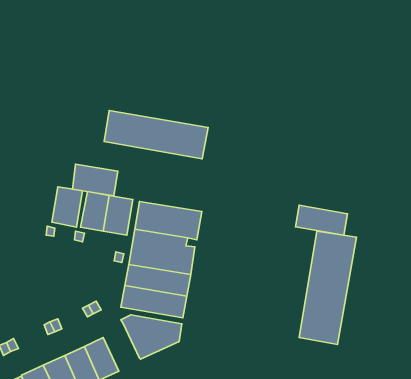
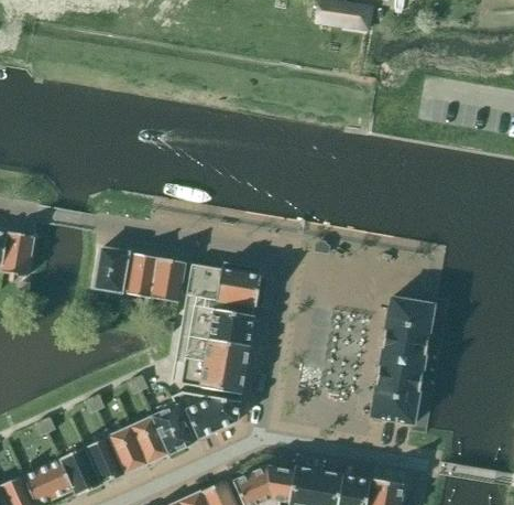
building: [104,110,208,159] -> none
building: [73,164,118,196] -> none
building: [295,205,347,235] -> none
building: none -> [152,399,194,453]

